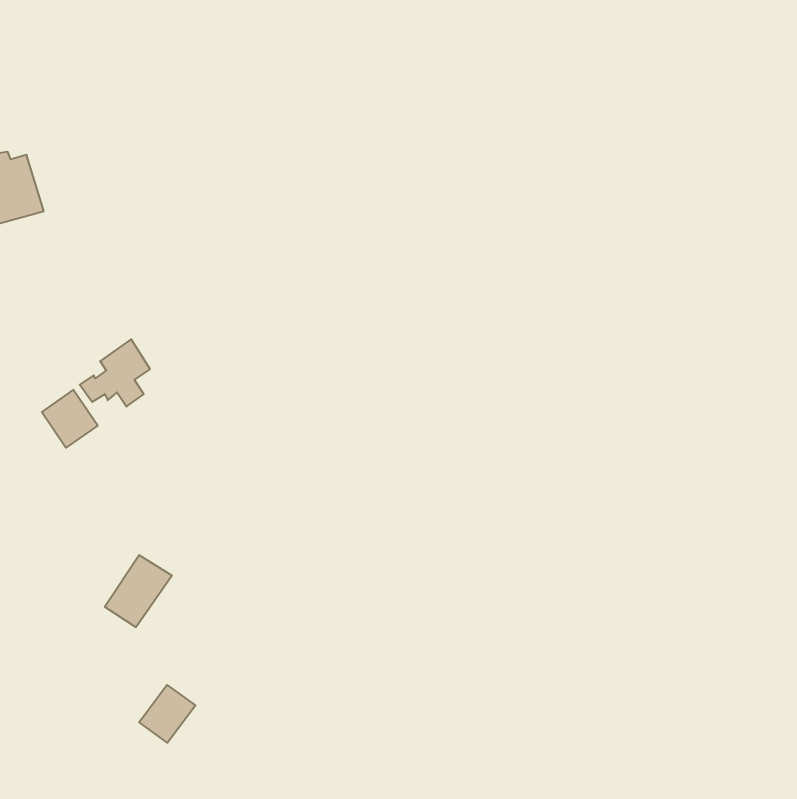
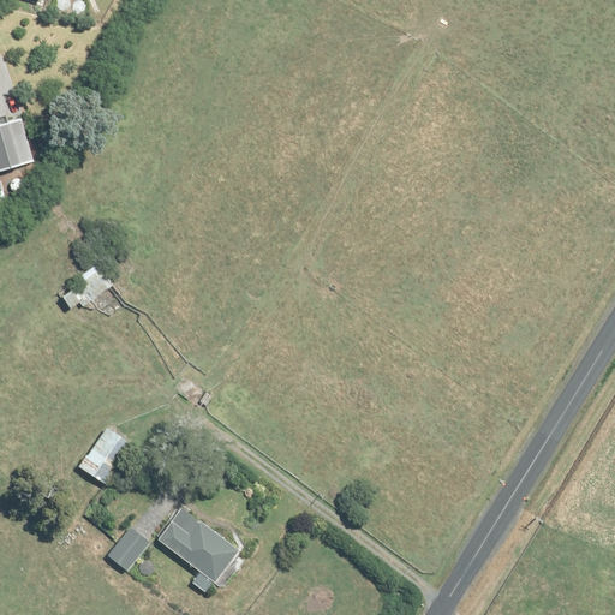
building: [42,390,98,448] -> none
building: none -> [157,507,239,591]

